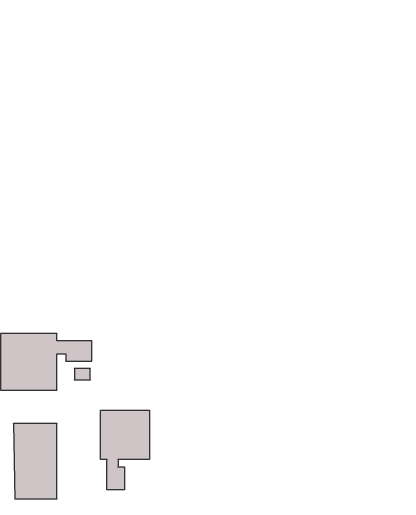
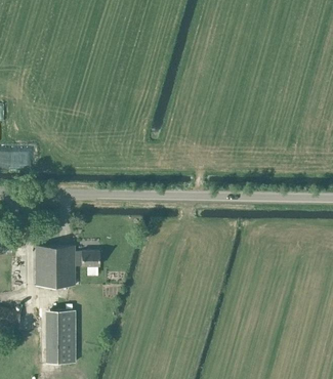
building: [101,410,149,490] -> none

